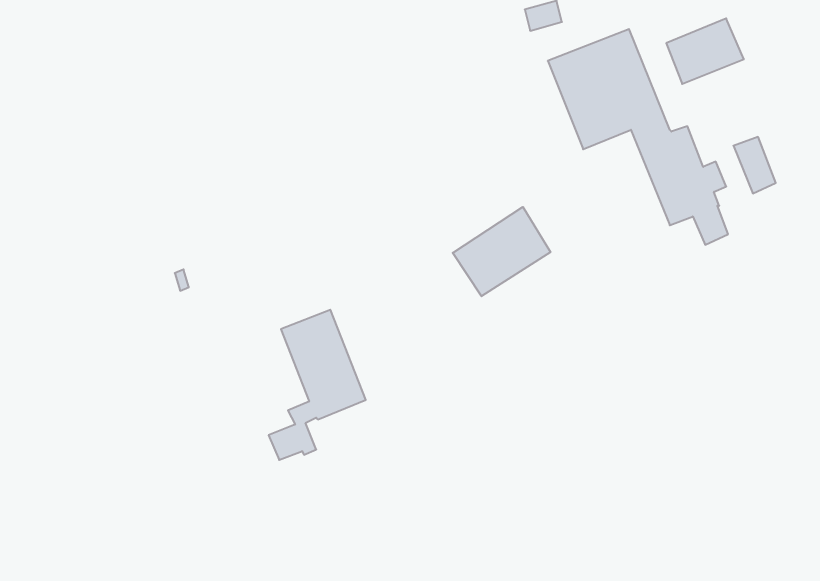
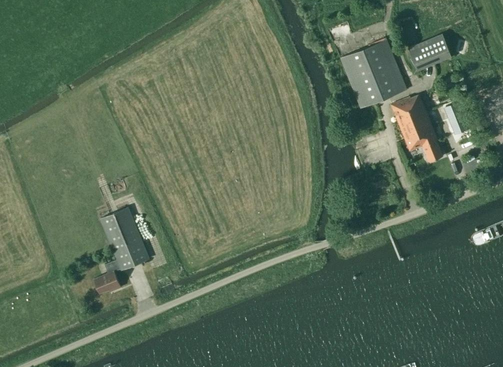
building: [453,207,550,296] -> none
building: [269,310,366,460] -> [94,209,149,294]

